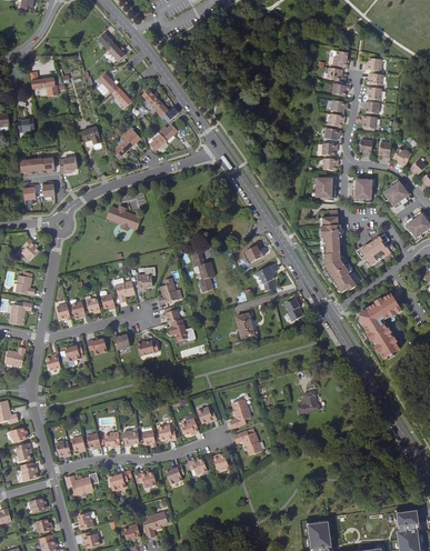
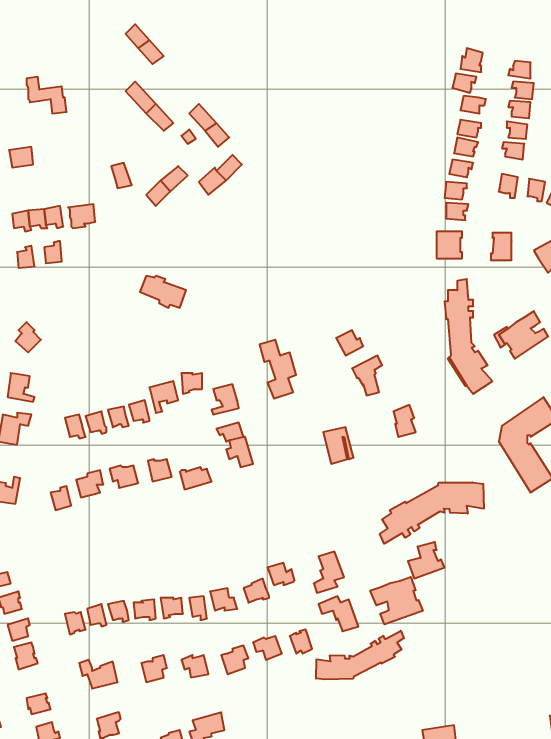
building: none -> [380,482,484,544]
building: none -> [370,577,423,624]
building: none -> [316,631,404,679]

